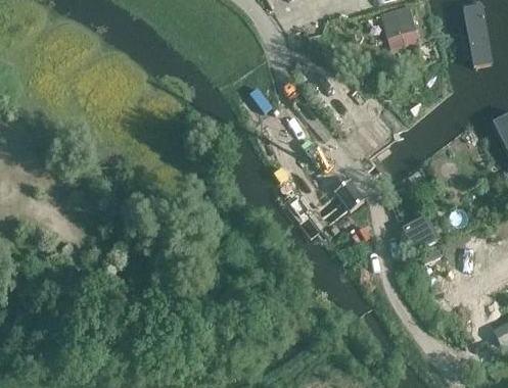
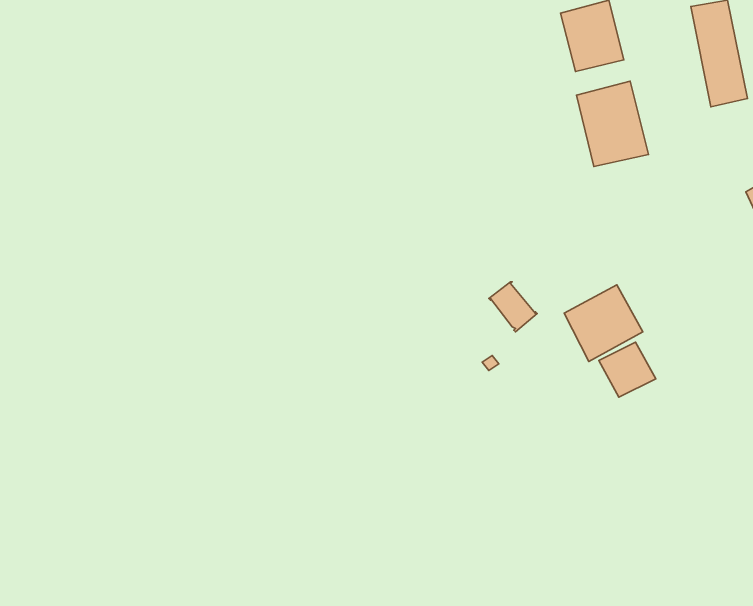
building: none -> [577,81,648,167]
building: none -> [564,285,643,361]

